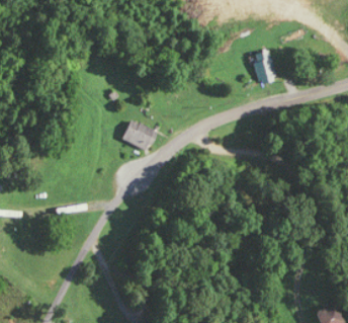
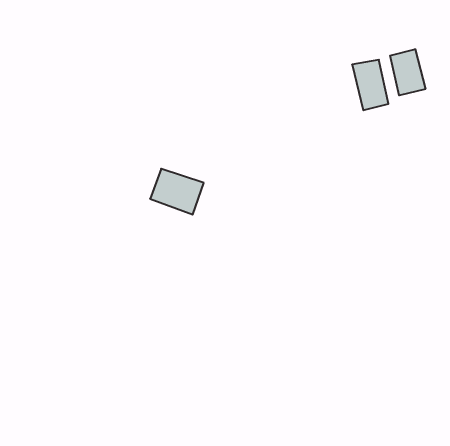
building: none -> [390,49,425,95]

